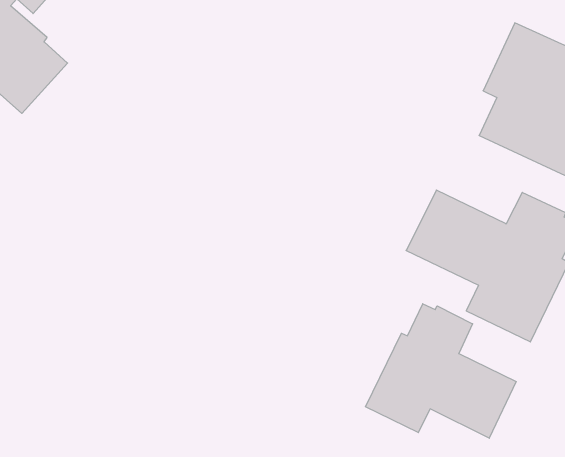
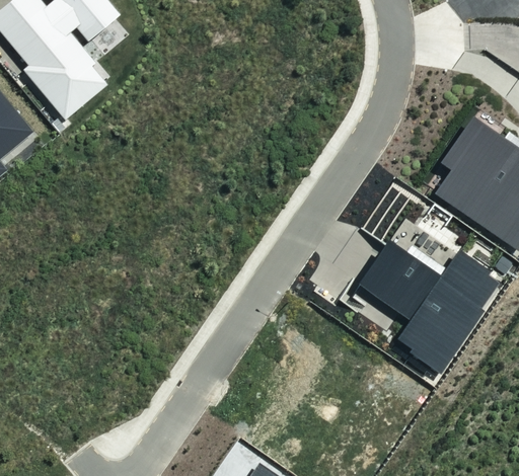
building: [366,304,516,438] -> none

